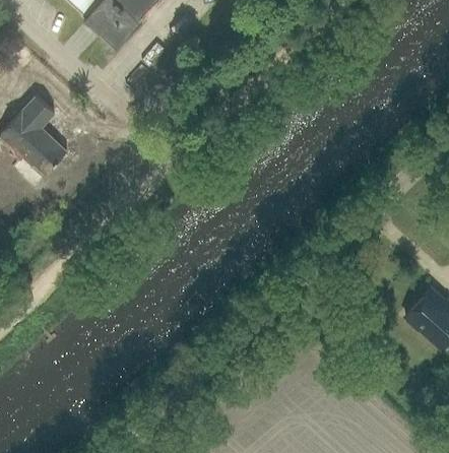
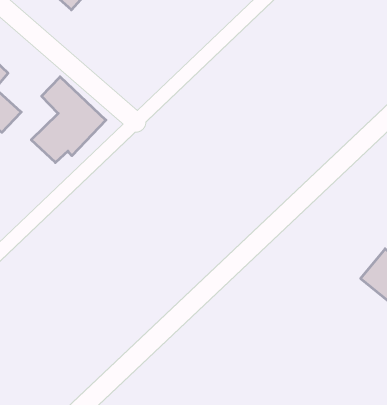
building: none -> [31,77,106,163]

